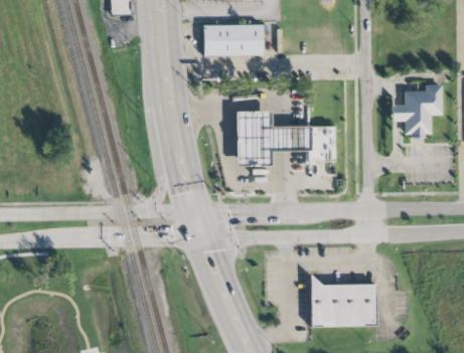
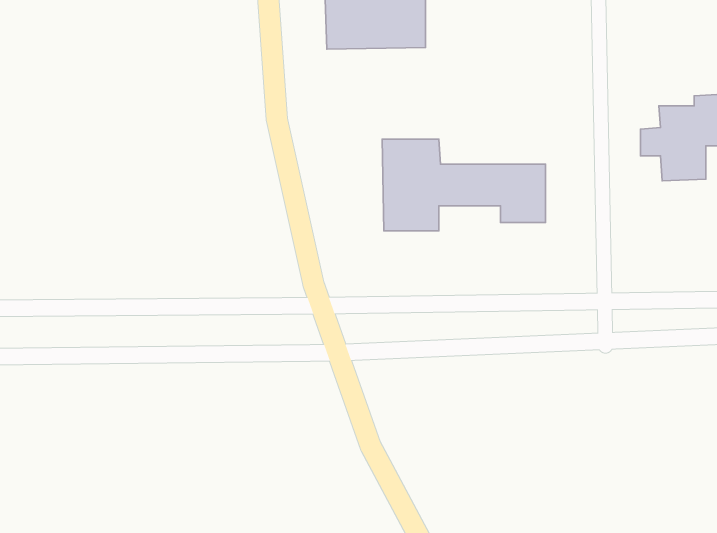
building: [311,283,376,325] -> none

